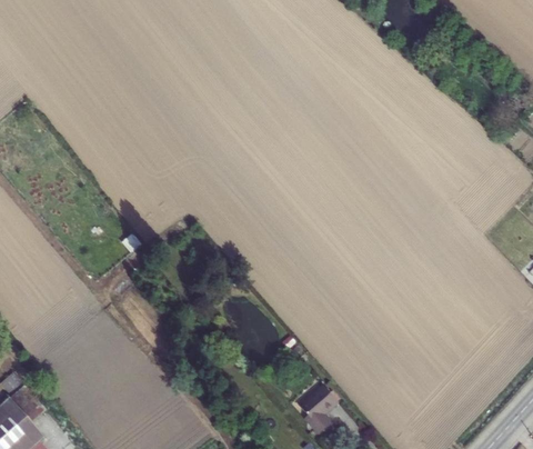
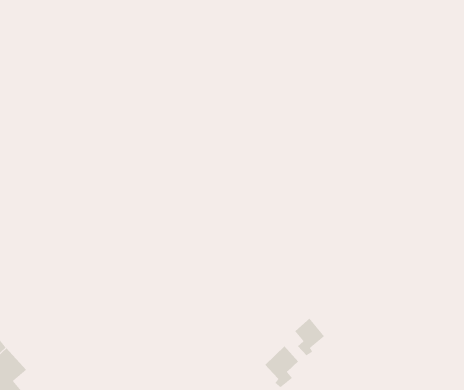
building: none -> [294,318,325,356]

